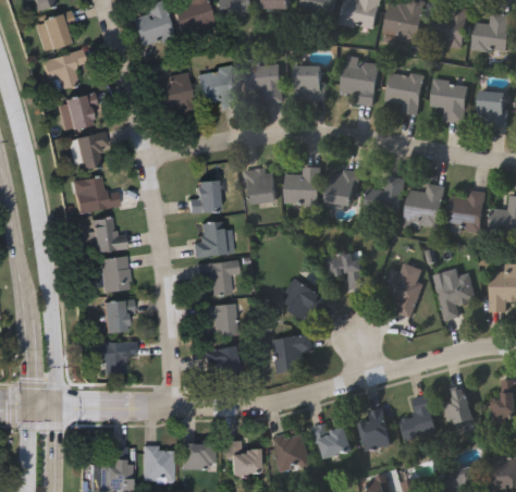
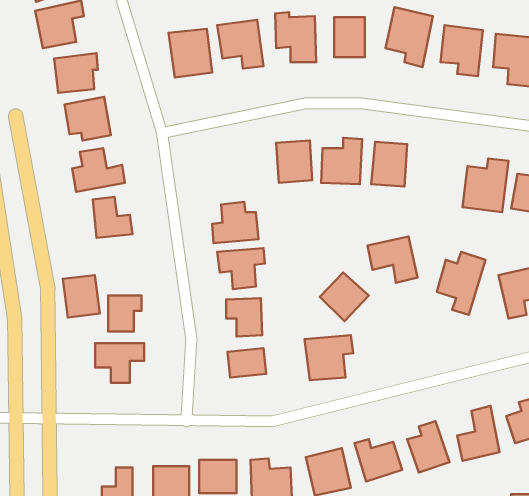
building: [364,176,405,218] -> none
building: [187,179,219,213] -> none
building: [98,256,130,292] -> [63,275,100,317]

